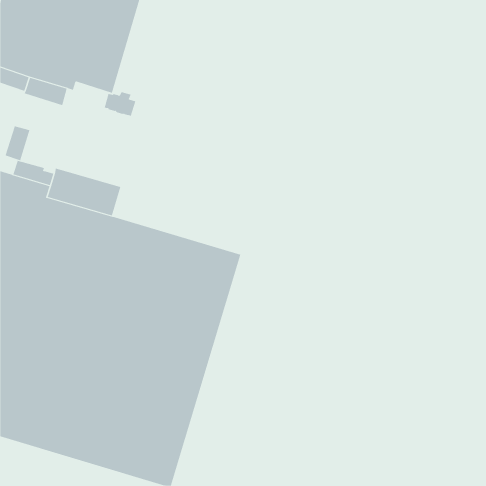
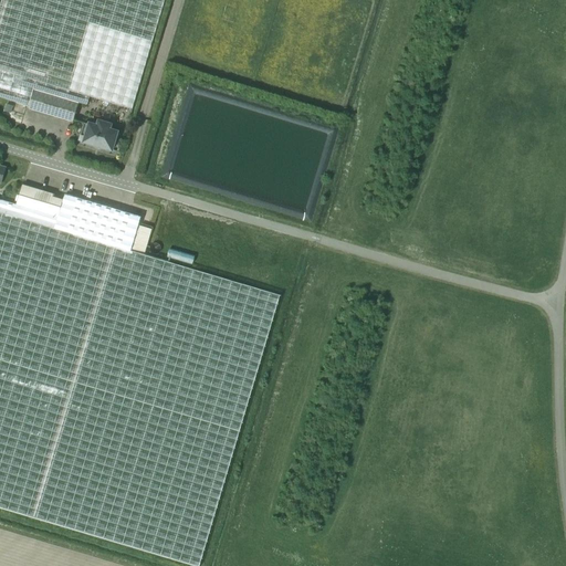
building: [104,91,136,116] -> [78,122,116,150]
building: [5,125,30,161] -> none

